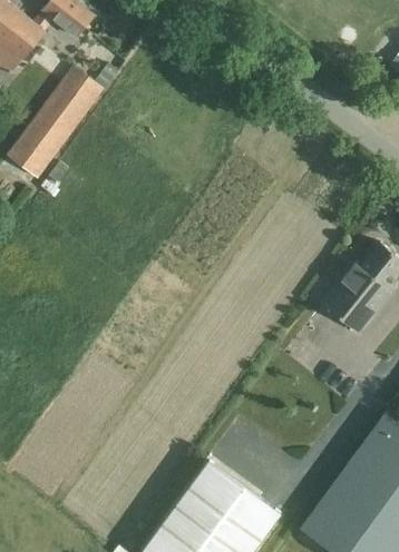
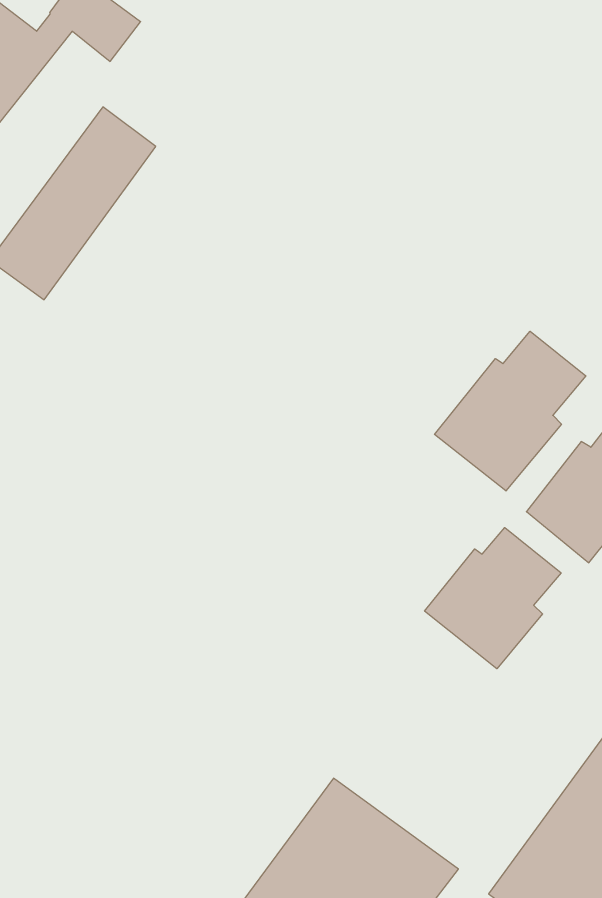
building: none -> [435,331,586,491]
building: none -> [425,528,561,669]

